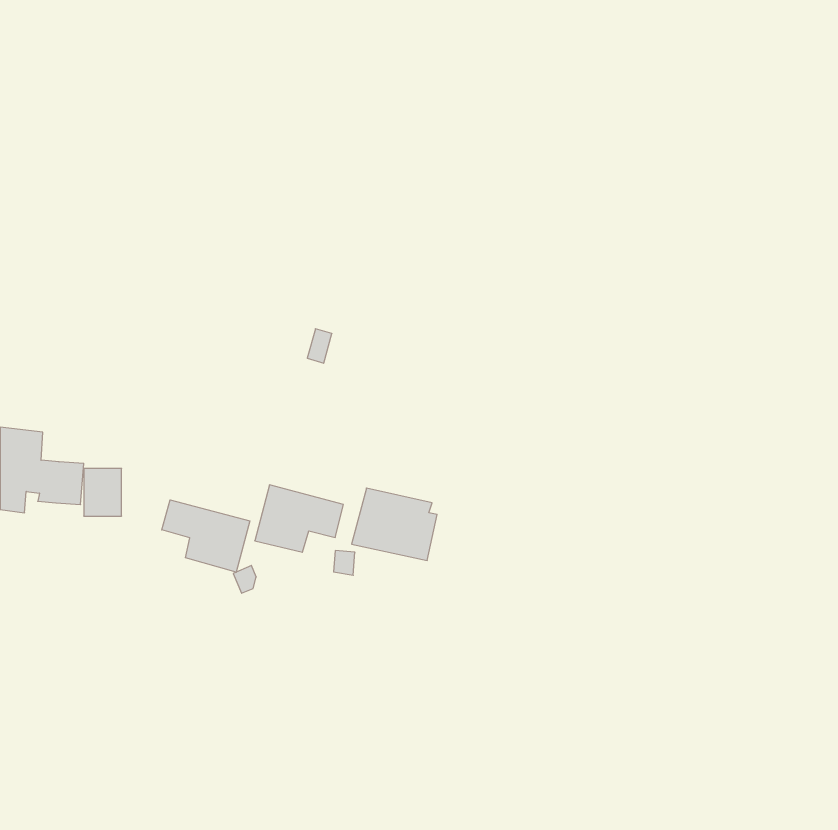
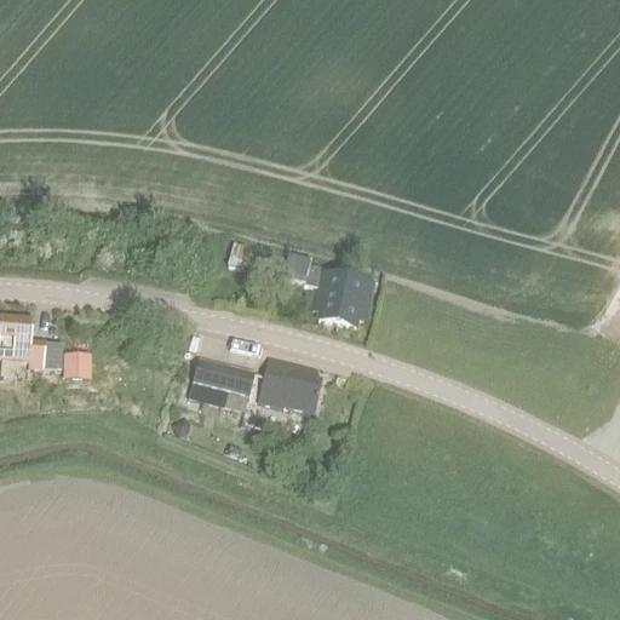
building: none -> [282,253,373,326]
building: [162,500,250,572] -> none

